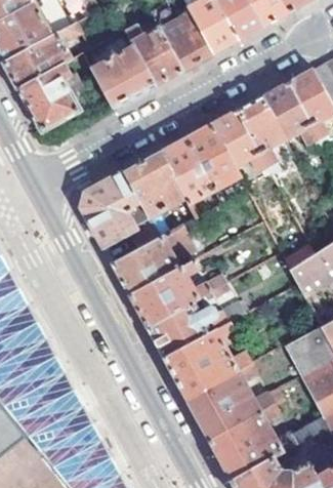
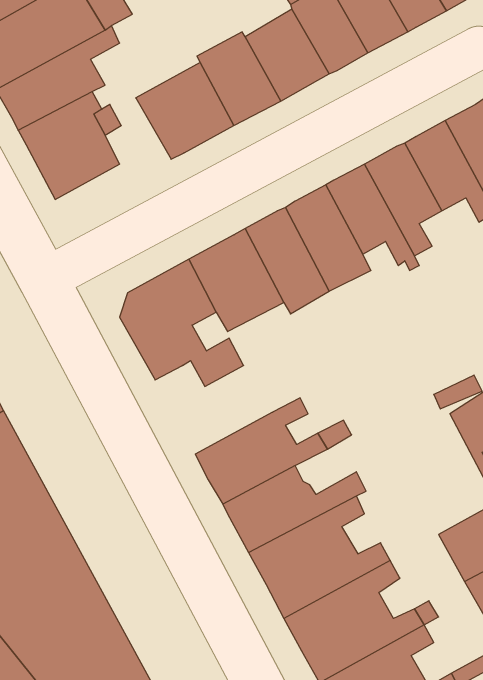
building: [112,217,207,294] -> none

